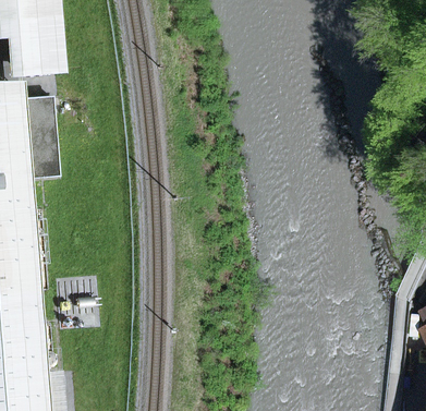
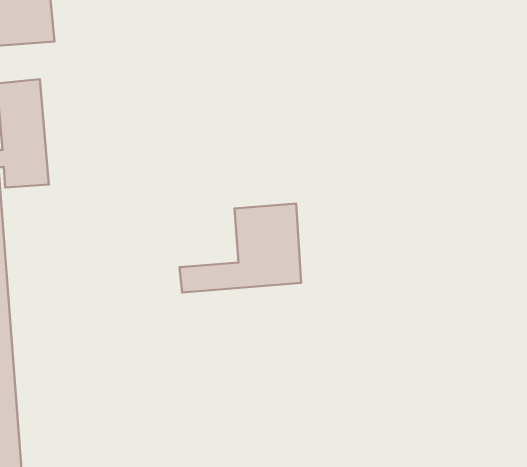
building: none -> [180,204,301,292]

